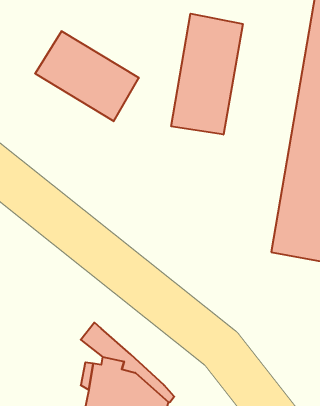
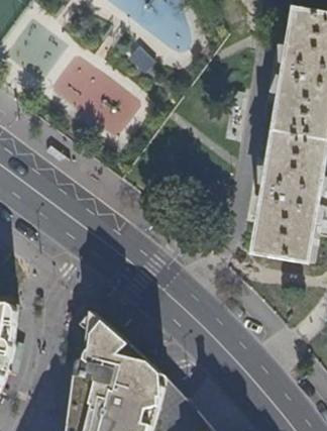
building: [171,14,243,135] -> none

